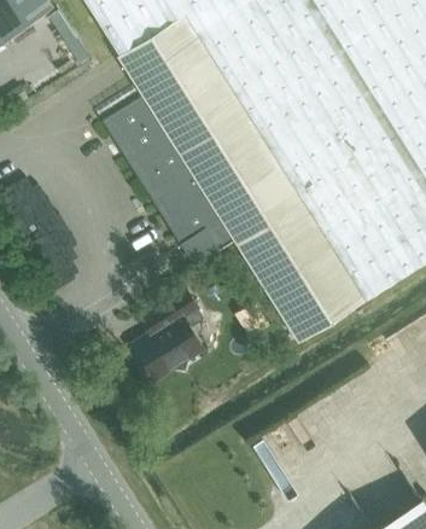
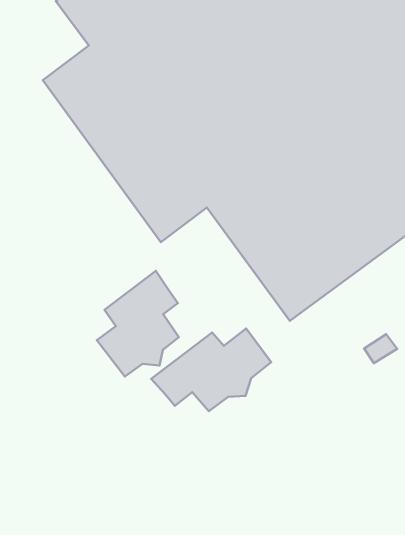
building: none -> [151,329,271,411]

